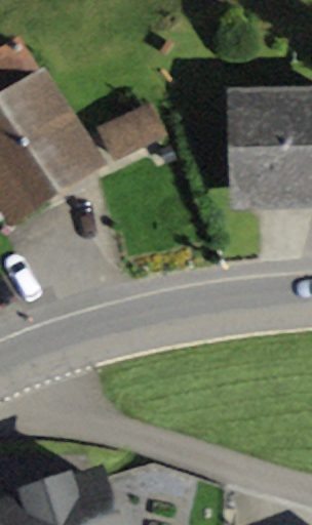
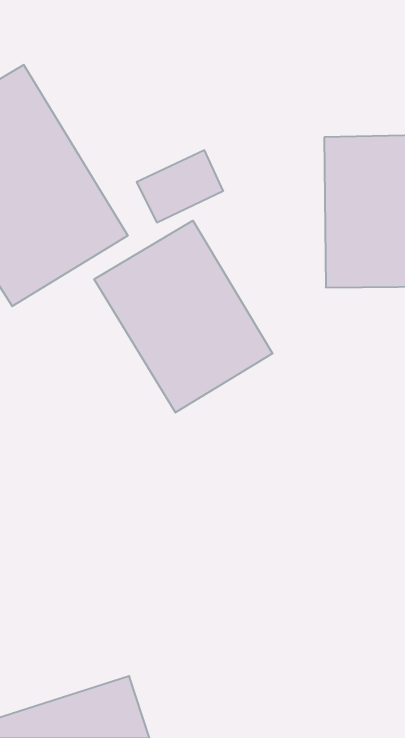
building: none -> [94,221,273,413]

